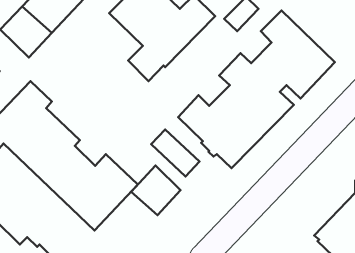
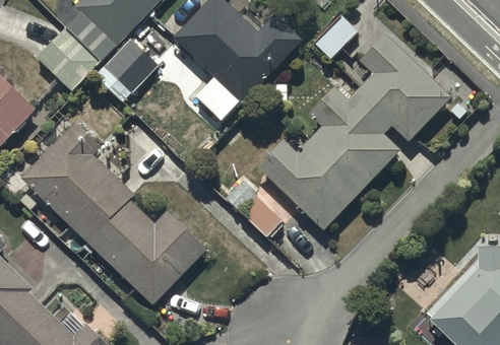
building: none -> [95,39,158,102]
building: [131,166,180,215] -> none

